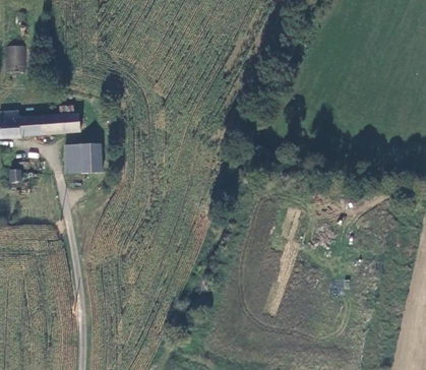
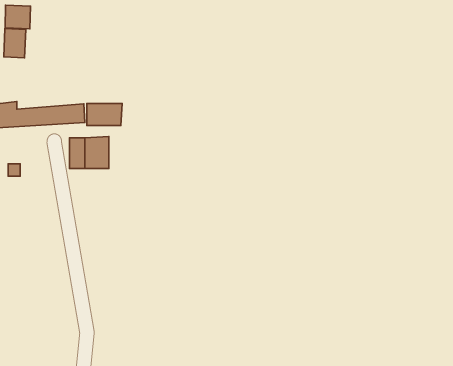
building: none -> [5,5,30,29]
building: none -> [87,104,122,125]

